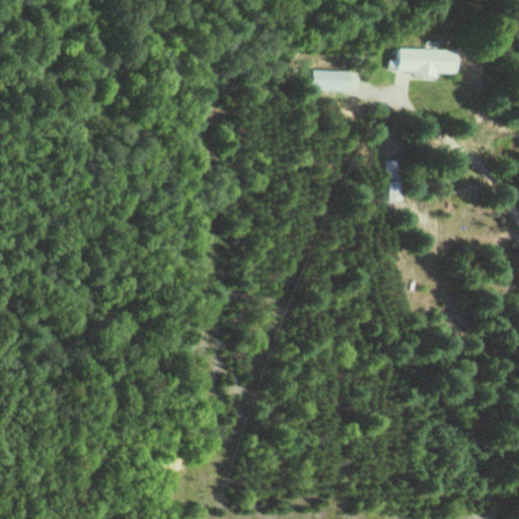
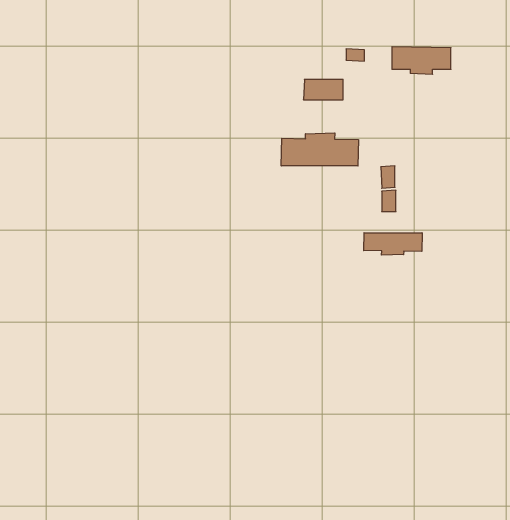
building: none -> [281,133,358,166]
building: none -> [364,233,422,255]

